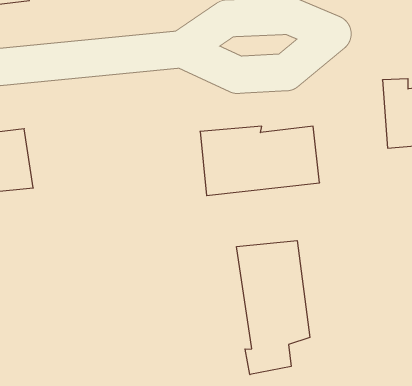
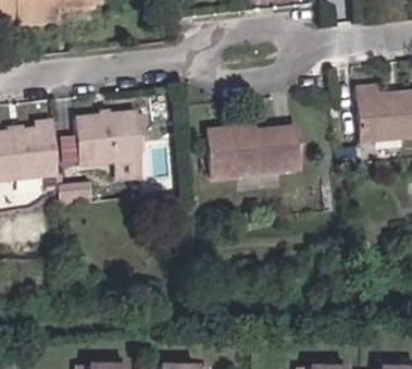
building: none -> [76,101,147,176]
building: [237,241,310,375] -> none

